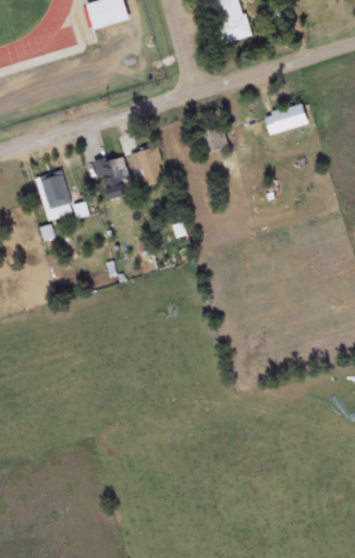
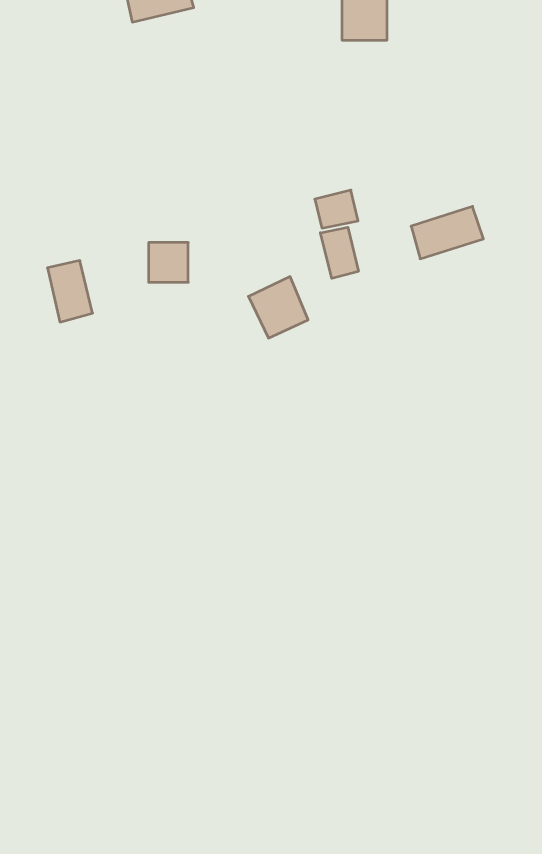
building: [265,102,308,134] -> [411,206,483,259]
building: [130,145,166,182] -> [248,277,308,338]
building: none -> [320,227,358,278]

